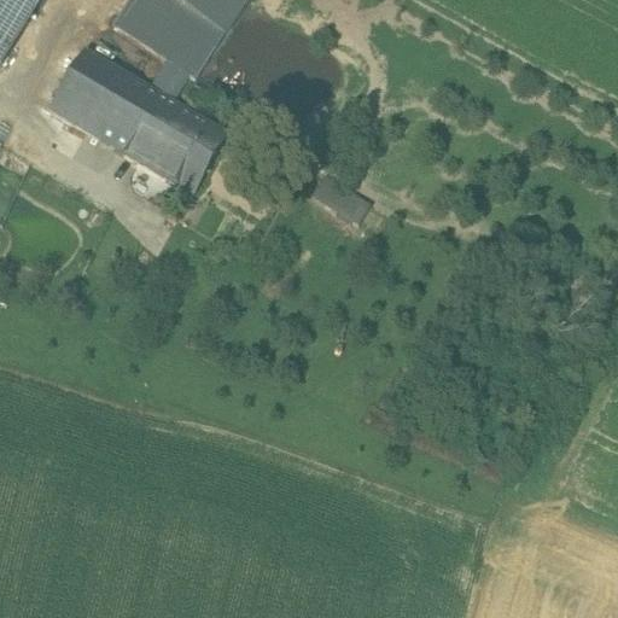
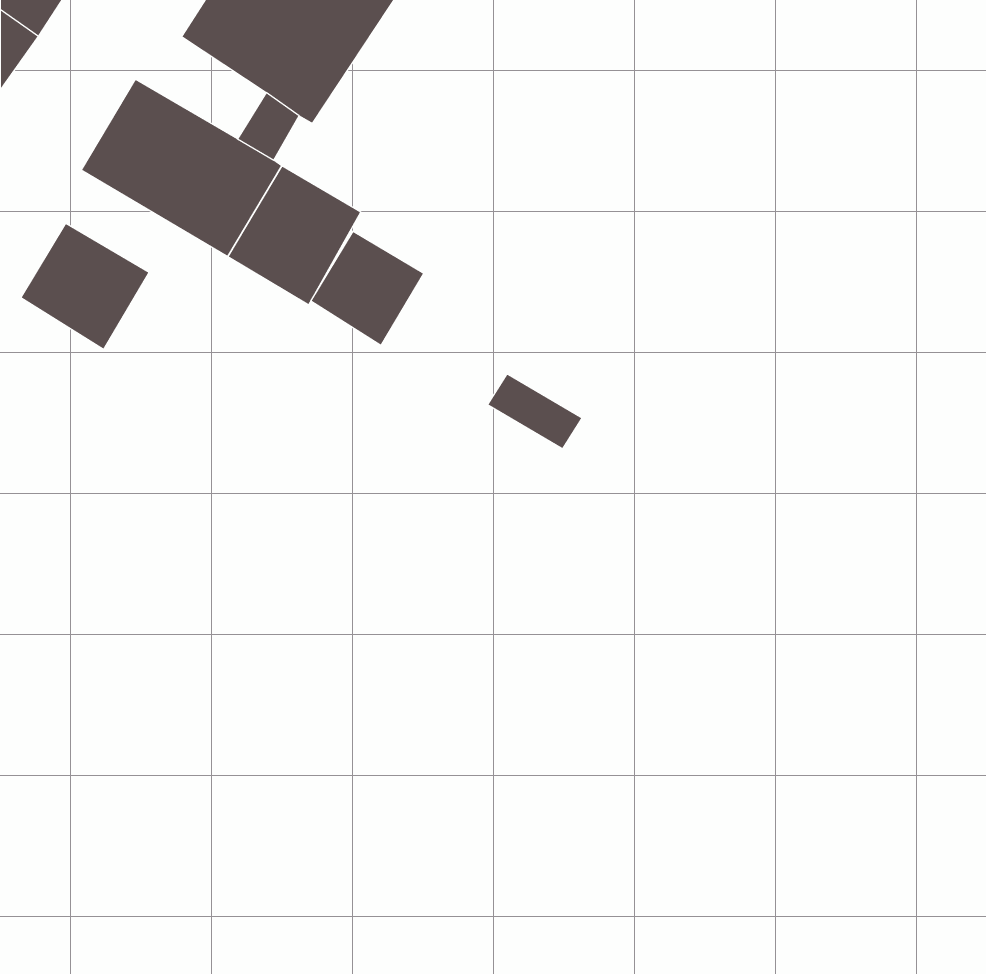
building: none -> [21,223,149,350]
building: none -> [311,231,424,345]
building: [310,177,369,225] -> [487,374,582,449]

